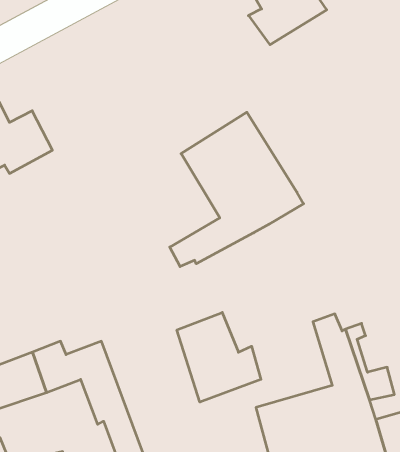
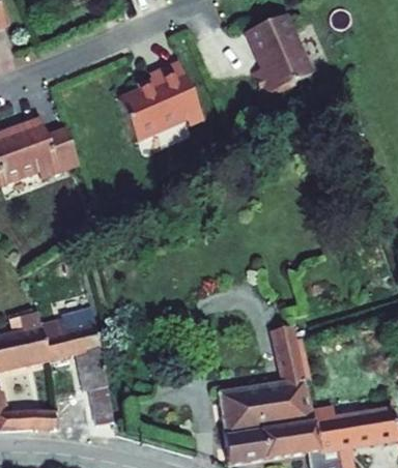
building: none -> [118,58,201,138]
building: [170,112,304,267] -> none
building: [177,312,261,402] -> none

